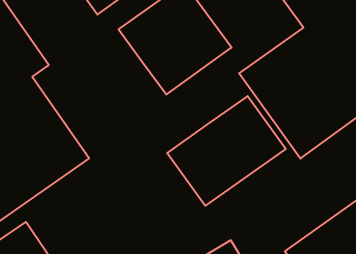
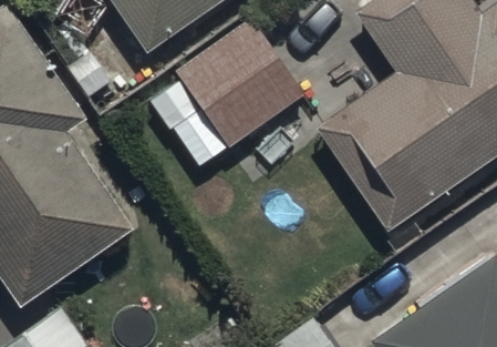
building: [167,96,286,206] -> none

